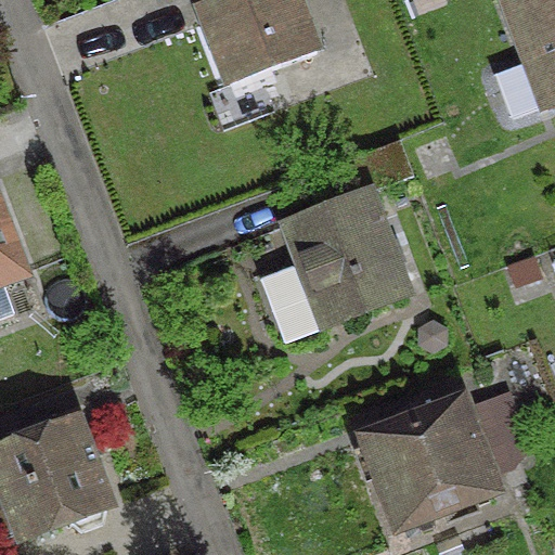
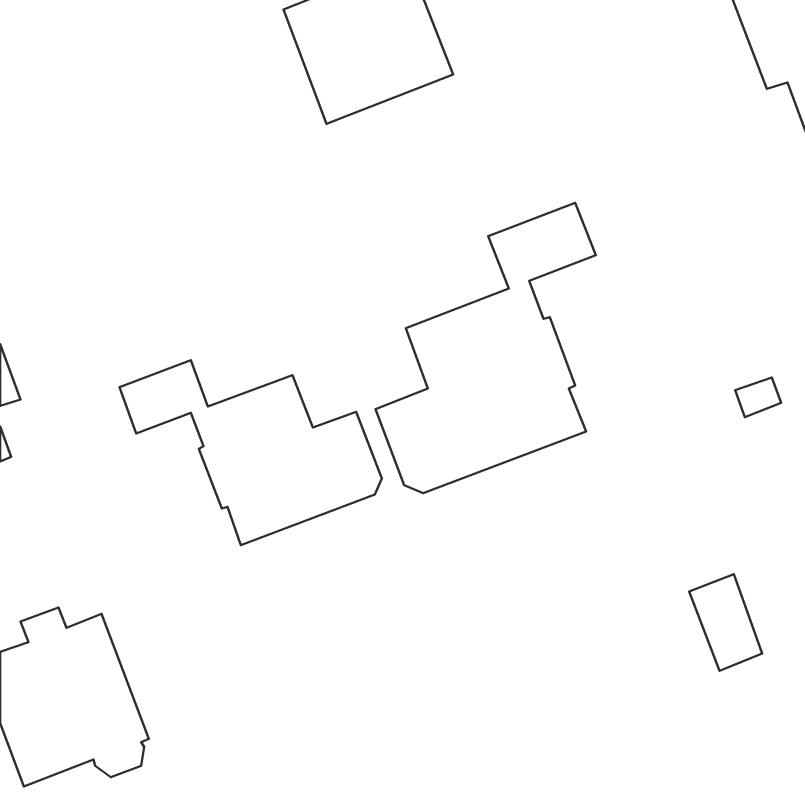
building: none -> [119,360,382,545]
building: [361,399,492,527] -> none

